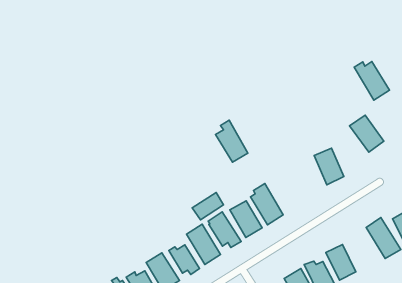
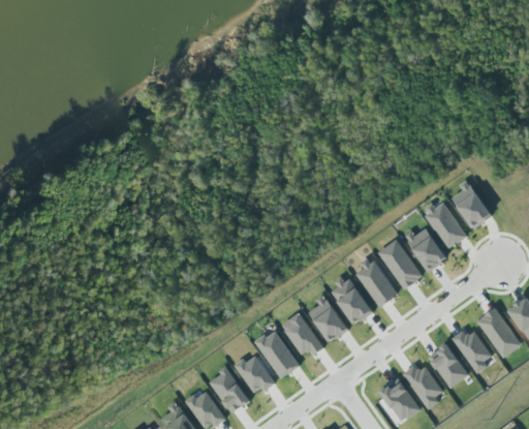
building: [354,61,389,100] -> [421,202,466,249]
building: [216,120,248,162] -> [354,255,396,307]
building: none -> [377,239,422,288]
building: [192,192,224,220] -> none
building: none -> [452,330,493,371]

